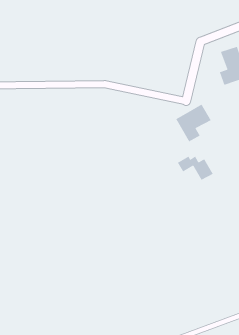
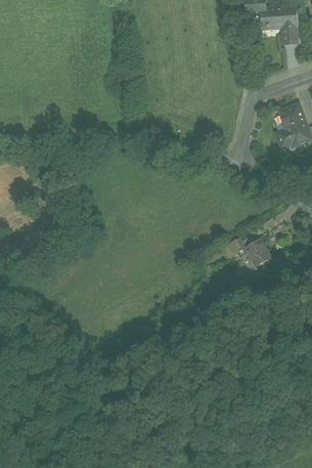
building: [175,103,212,143] -> none

